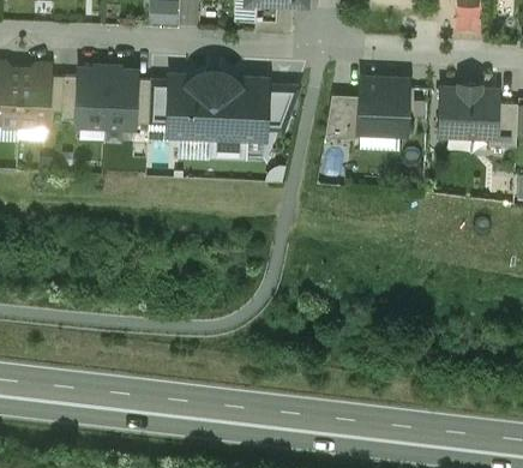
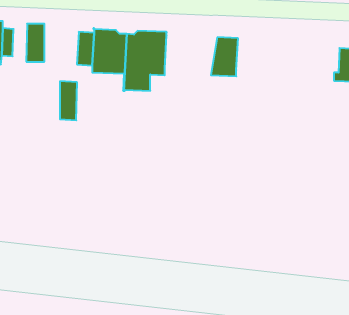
building: [104,71,127,122] -> [60,81,77,120]
building: [359,80,407,133] -> none
building: [440,84,497,136] -> none
building: [264,86,299,131] -> none

